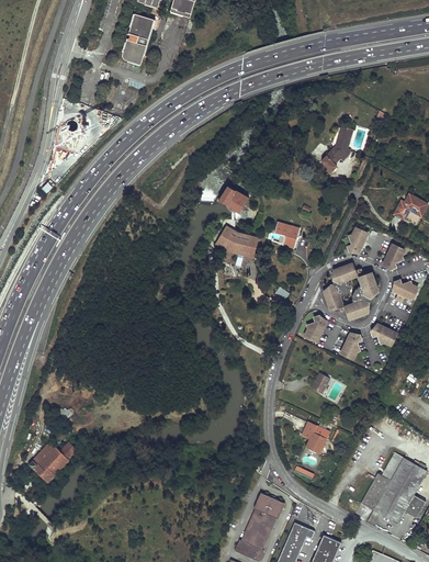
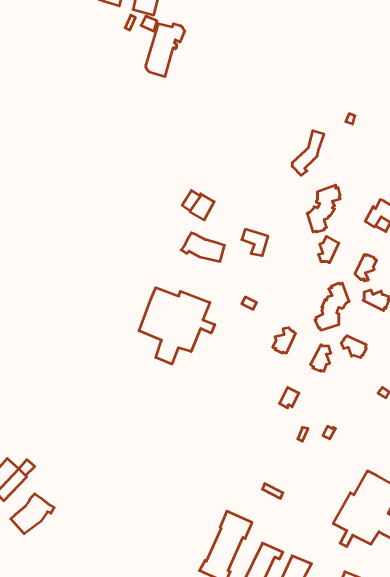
building: [122,14,159,65] -> [146,24,185,76]
building: [323,263,354,308] -> [307,185,340,232]
building: none -> [139,288,215,364]
building: [302,420,329,453] -> none
building: none -> [11,494,54,534]

